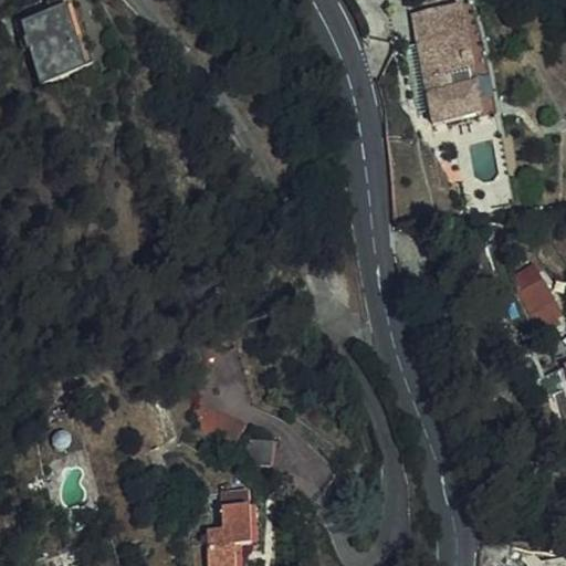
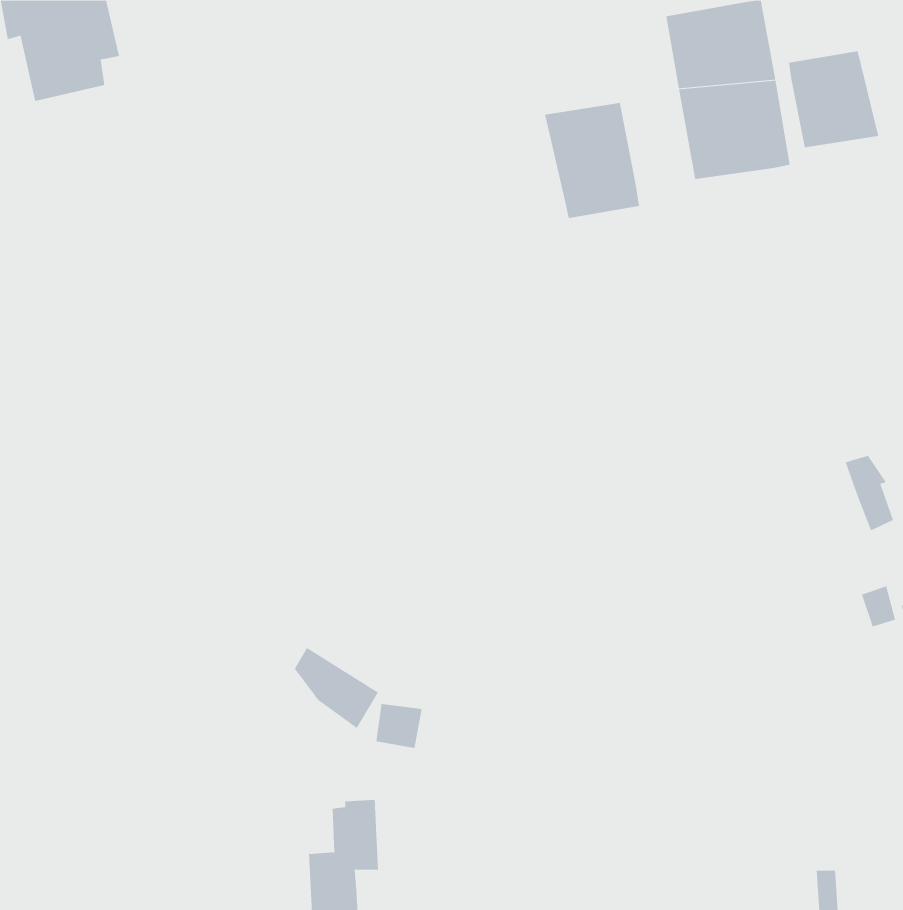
building: none -> [788,50,879,148]
building: none -> [544,102,639,219]

